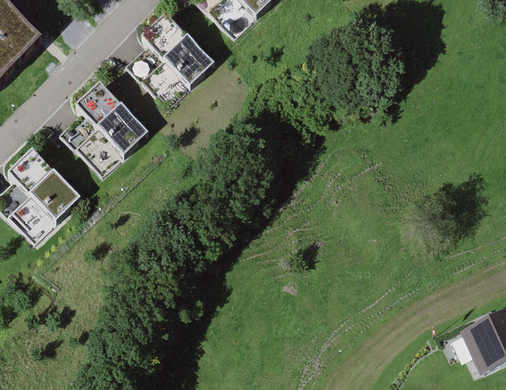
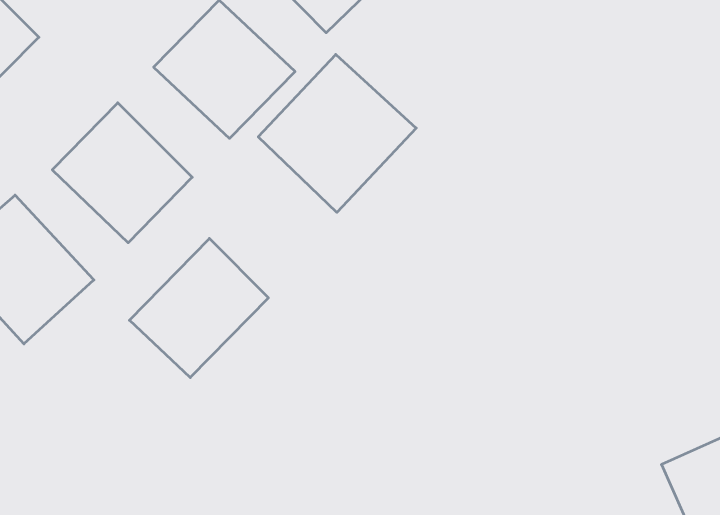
building: none -> [258,54,416,212]
building: none -> [129,238,268,378]

